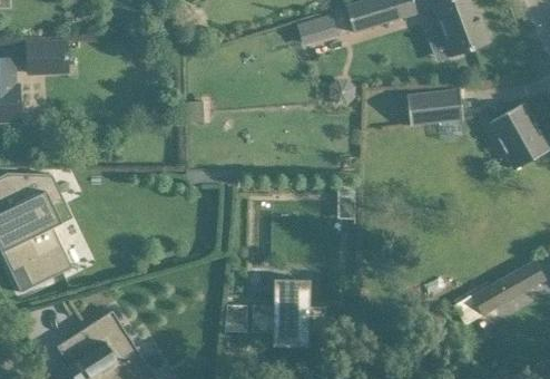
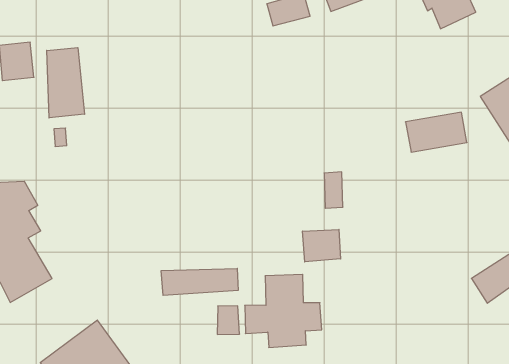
building: none -> [47,48,85,118]
building: [405,90,462,125] -> [405,112,467,152]
building: none -> [303,229,341,262]
building: none -> [161,268,238,295]

